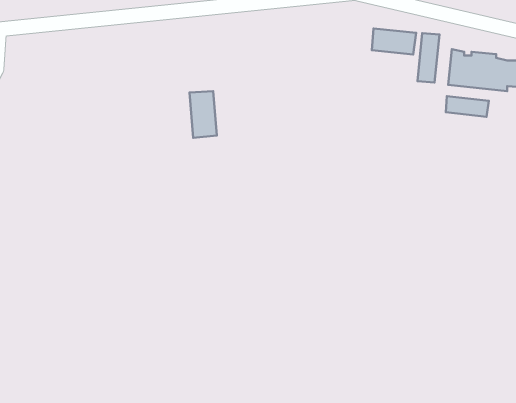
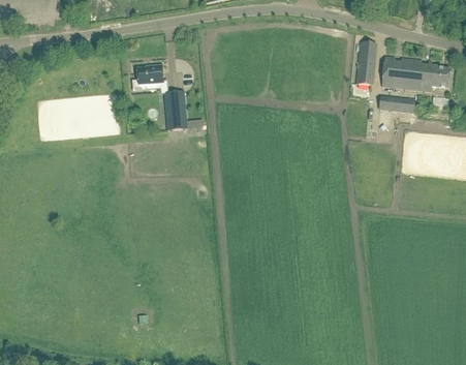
building: [372,29,416,54] -> none
building: none -> [136,64,163,84]

